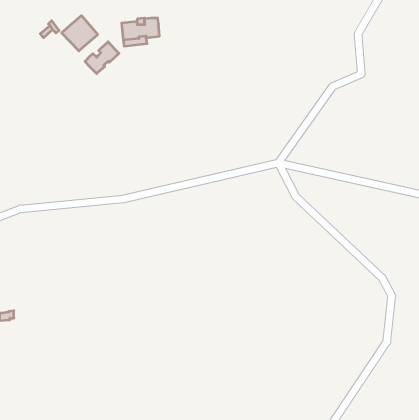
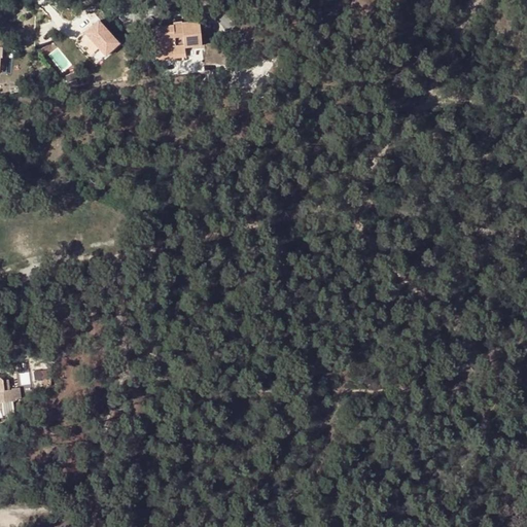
building: [85,42,119,74] -> none

